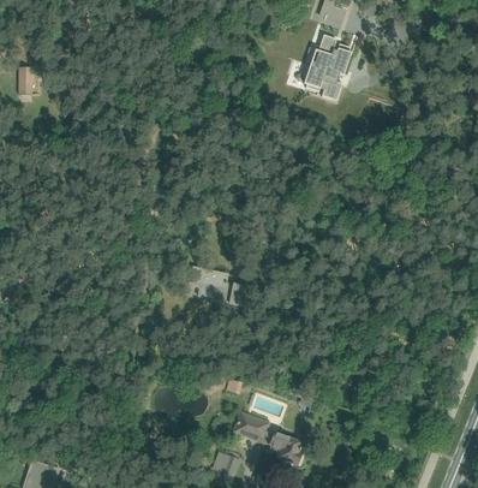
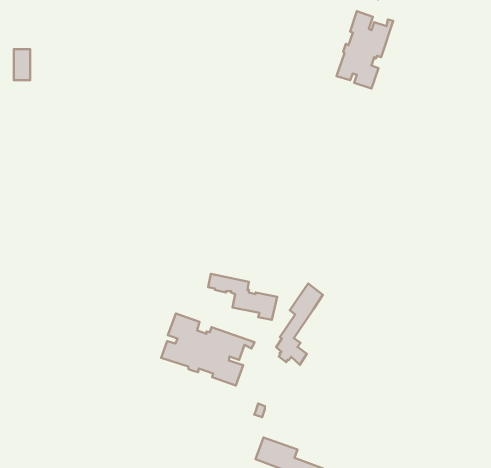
building: none -> [276,283,323,365]
building: none -> [161,314,254,386]

